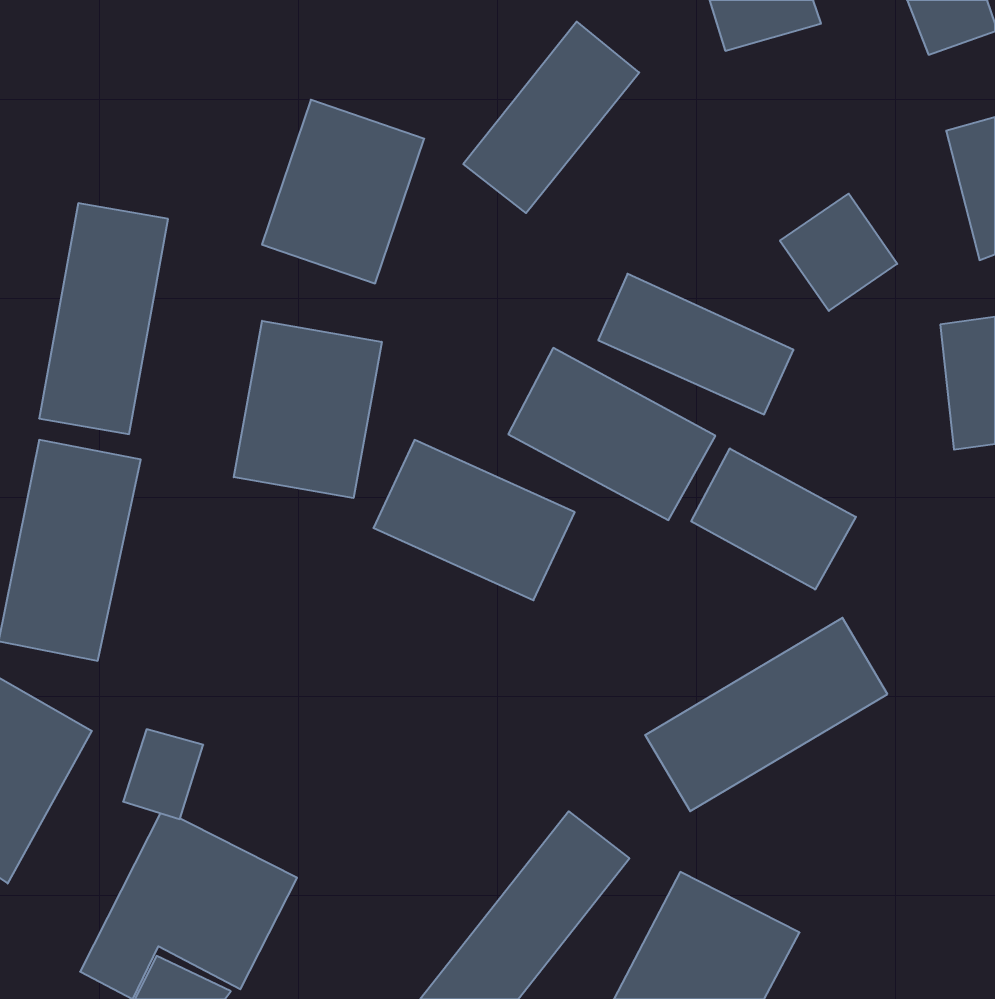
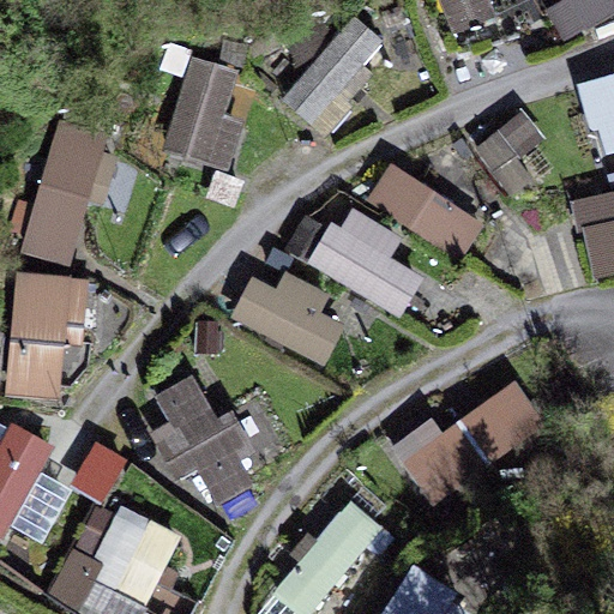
building: [234,321,382,498] -> none
building: [691,448,856,590] -> none
building: none -> [154,377,275,505]

